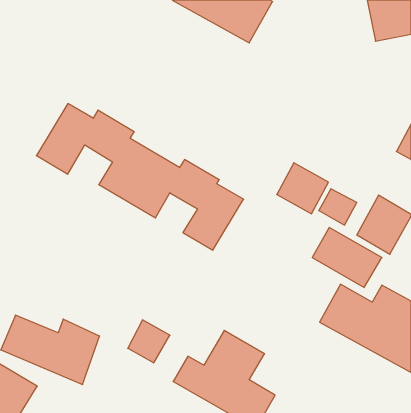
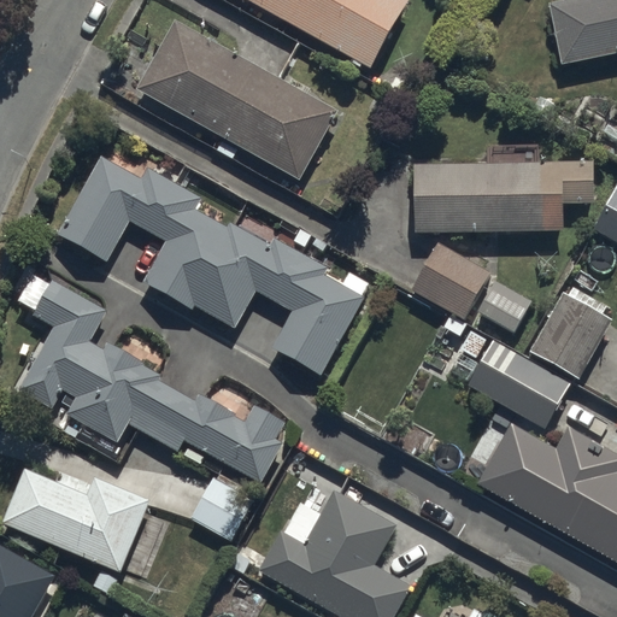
building: none -> [139,24,335,176]
building: none -> [417,161,593,231]
building: none -> [17,281,292,486]

